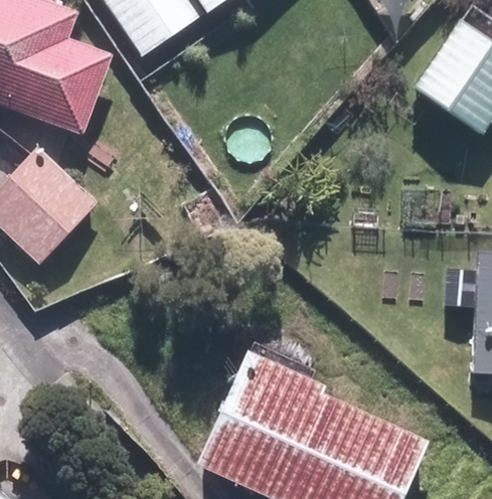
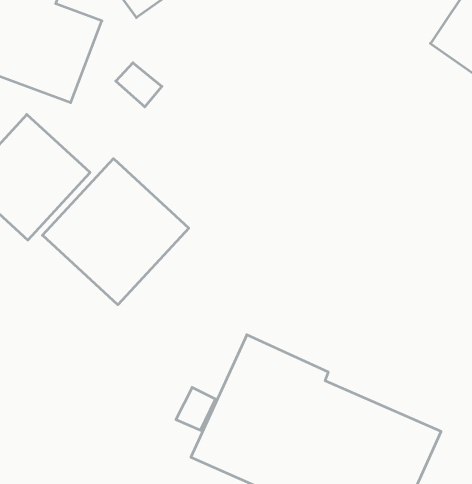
building: none -> [42,159,189,305]

